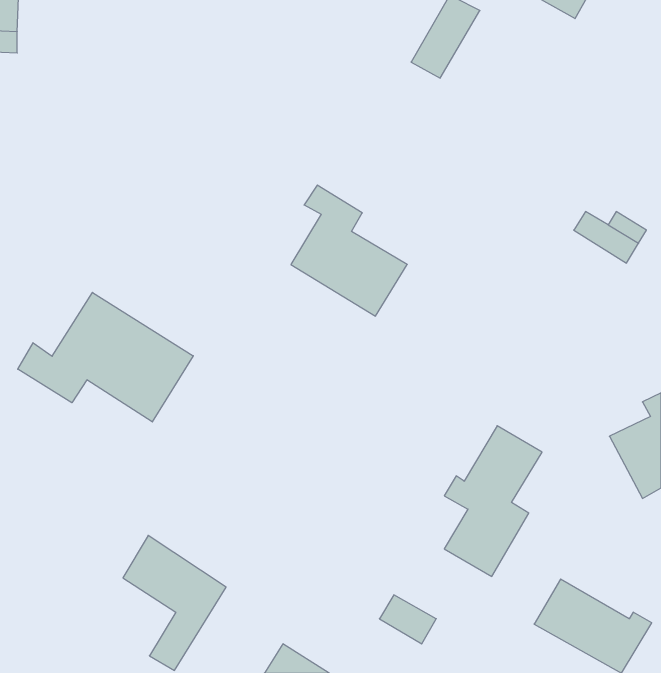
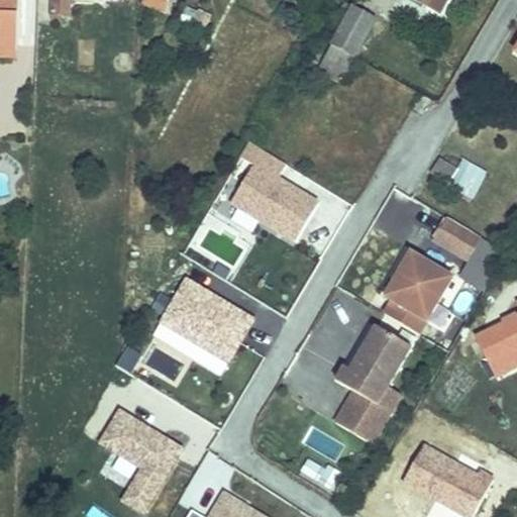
building: none -> [438,214,487,255]
building: [18,292,193,422] -> none
building: none -> [385,252,455,337]
building: none -> [152,279,245,363]

